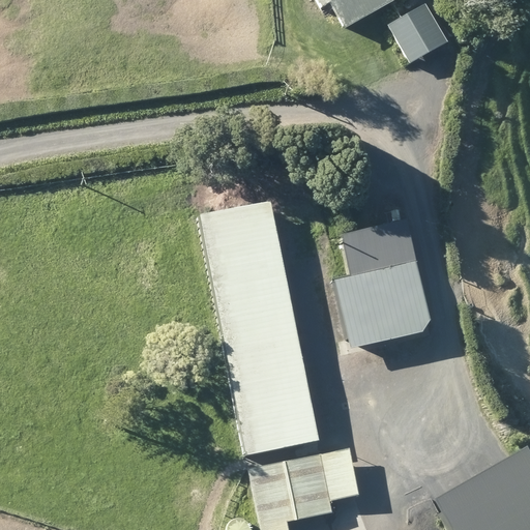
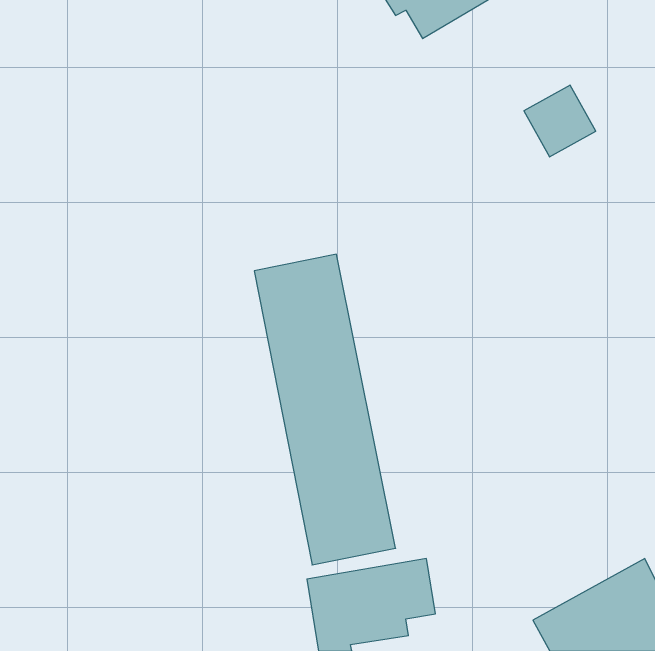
building: [384,7,442,65] -> [524,85,596,157]
building: [331,222,426,348] -> none

